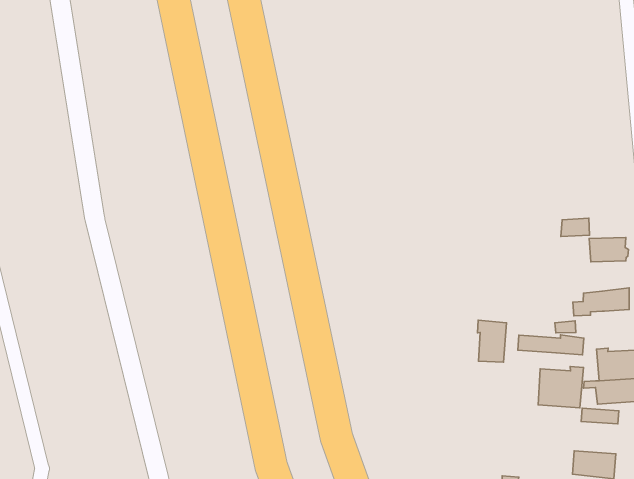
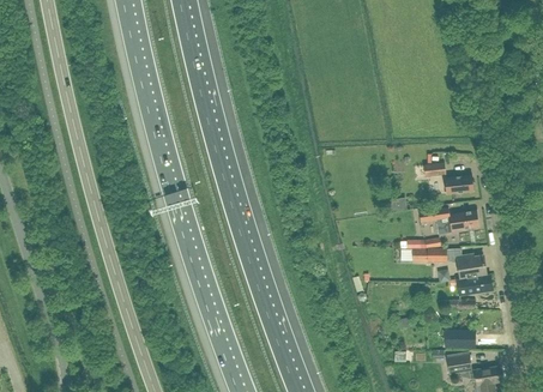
building: [477,320,506,362] -> none
building: [538,366,584,408] -> none

